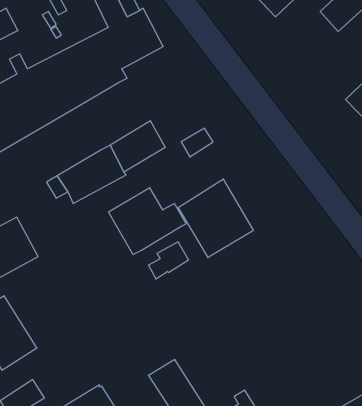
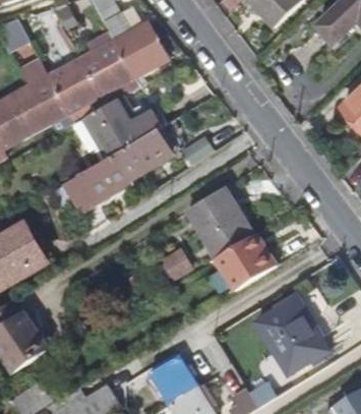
building: [109,188,186,255] -> [84,93,159,157]
building: none -> [213,234,274,292]
building: none -> [253,295,324,370]

